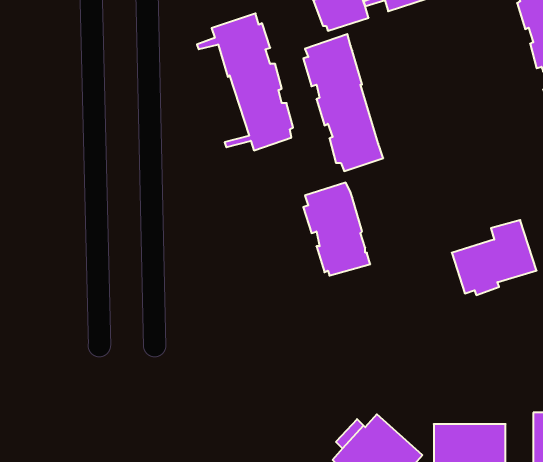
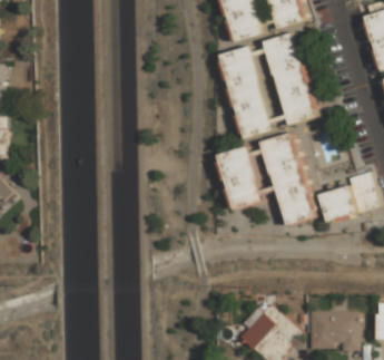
building: [197,13,293,150] -> [250,31,316,125]
building: none -> [250,133,316,225]

